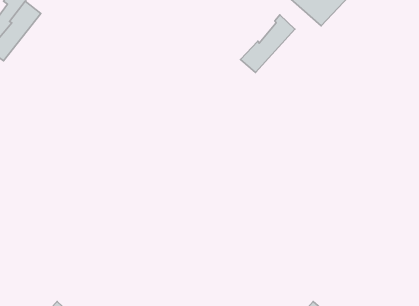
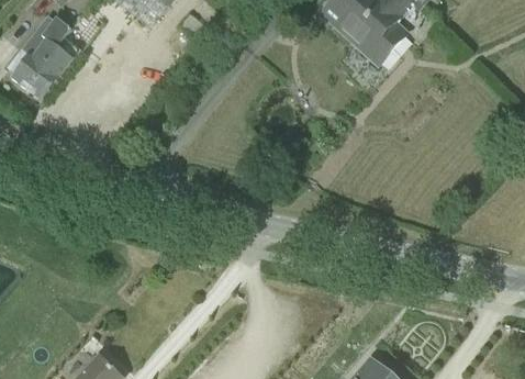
building: [241,15,295,73] -> none

